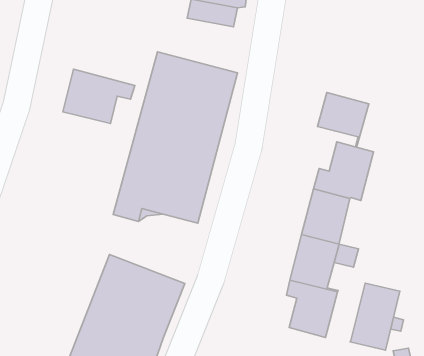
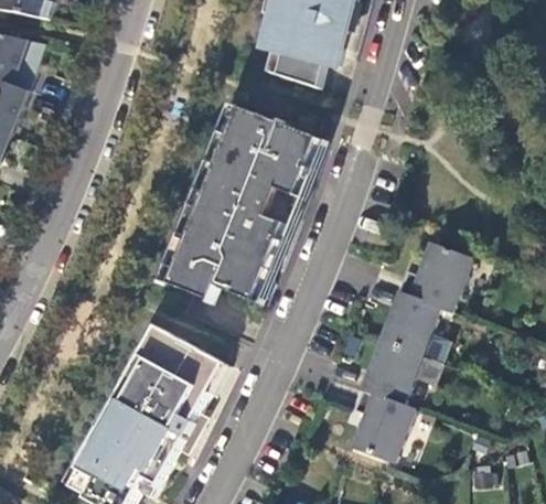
building: [63,69,135,124] -> none
building: [318,92,369,147] -> none
building: [350,283,400,350] -> none

